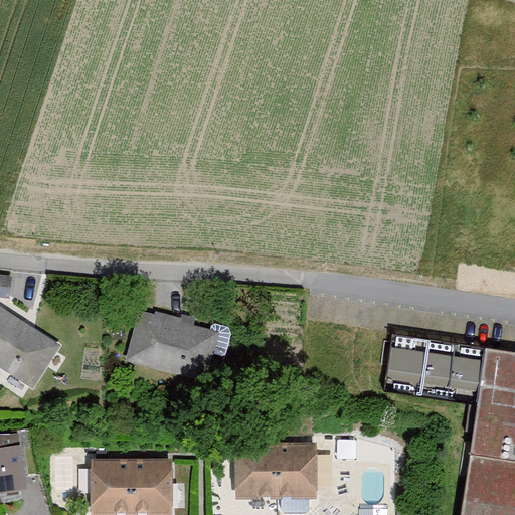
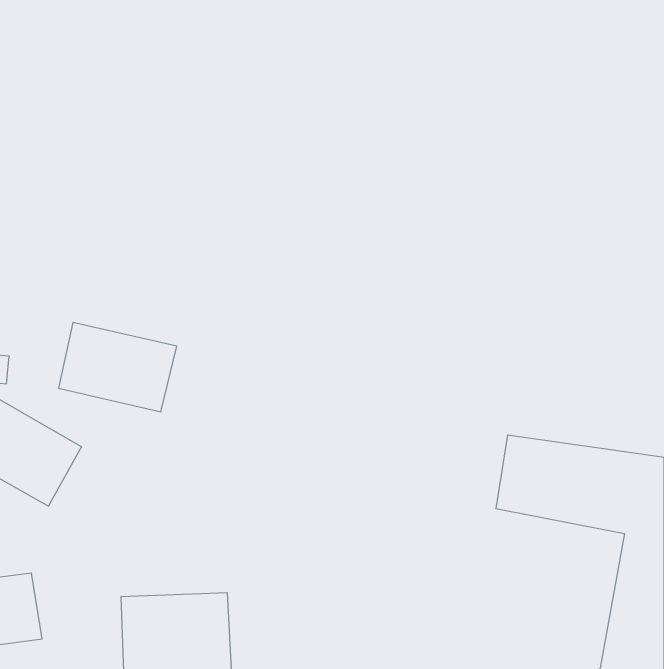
building: [132,311,222,379] -> [58,322,177,412]
building: [235,444,317,502] -> none

